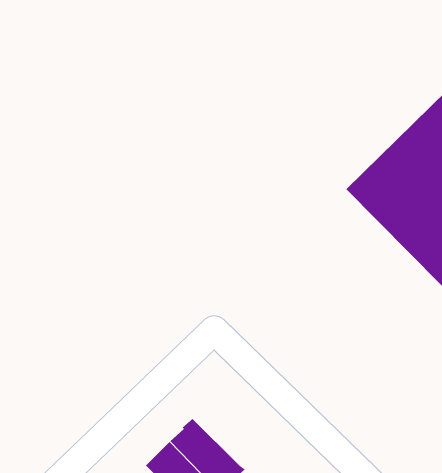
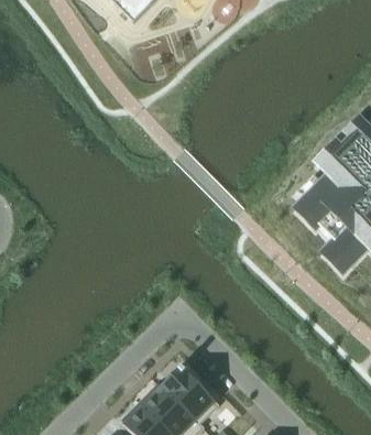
building: none -> [162,366,219,423]

